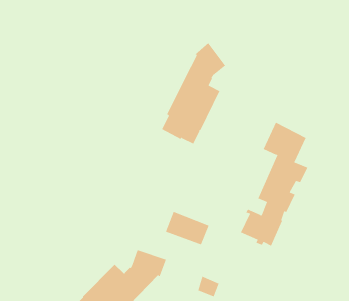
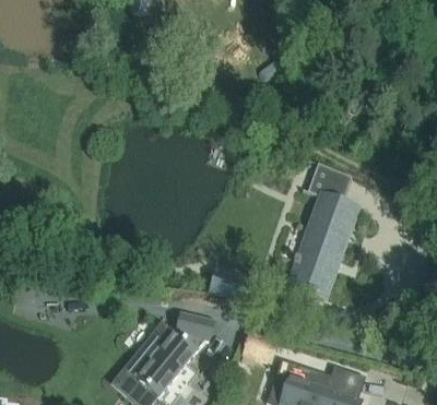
building: [162,42,226,144] -> none

